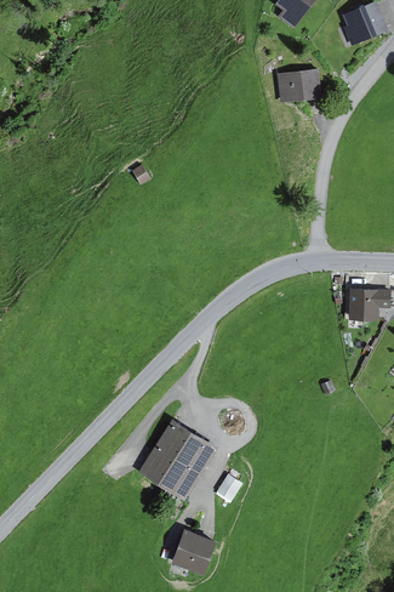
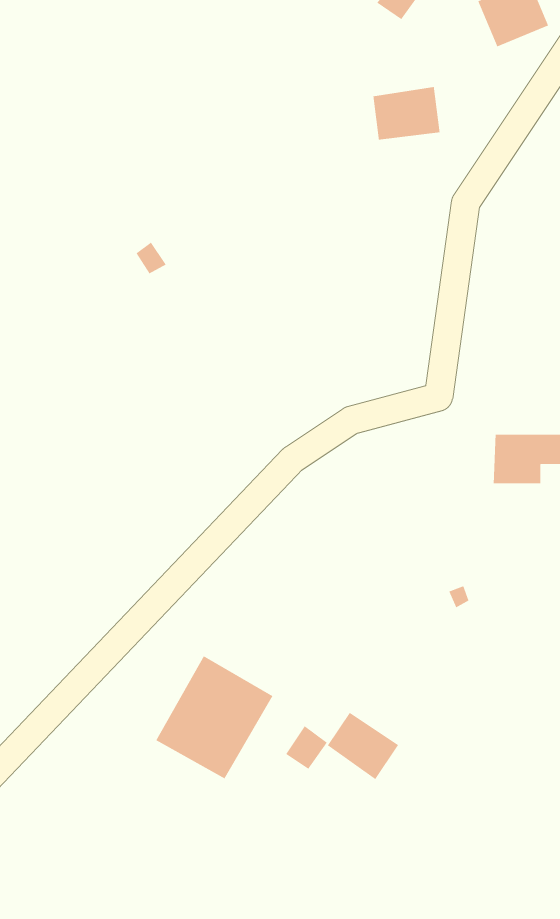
building: none -> [327,712,399,780]
building: [172,525,218,573] -> none

